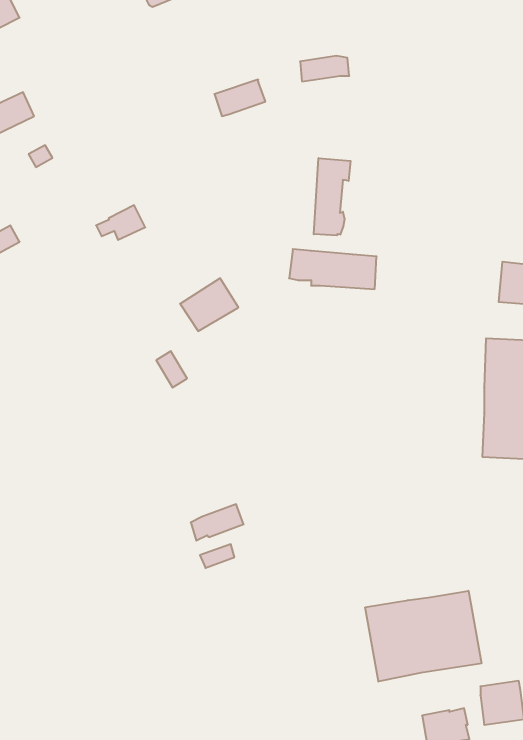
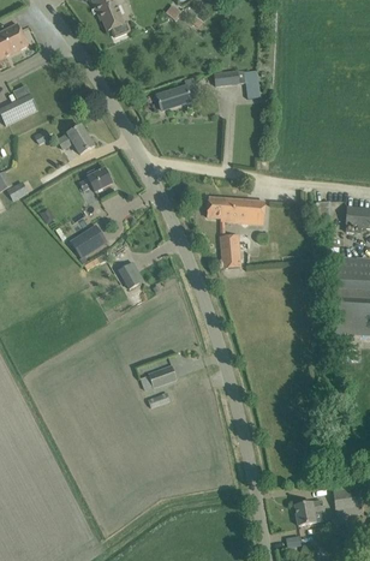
building: none -> [56,125,94,155]
building: [314,158,351,235] -> none
building: [180,278,238,331] -> [70,223,108,258]
building: none -> [221,234,240,268]
building: [365,591,481,682] -> none

